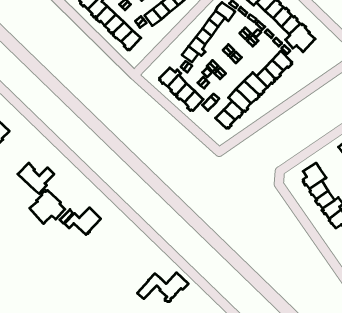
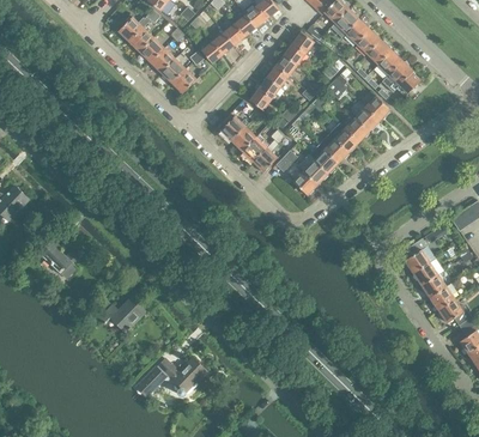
building: [30,190,65,224] -> none
building: [137,273,188,301] -> [141,357,207,394]

